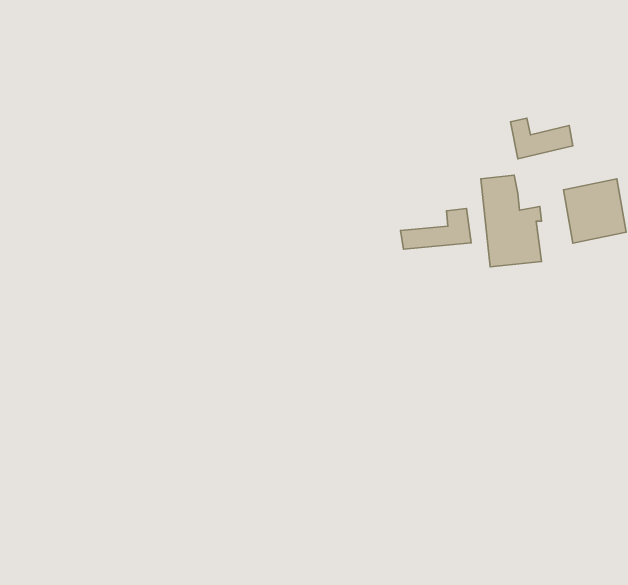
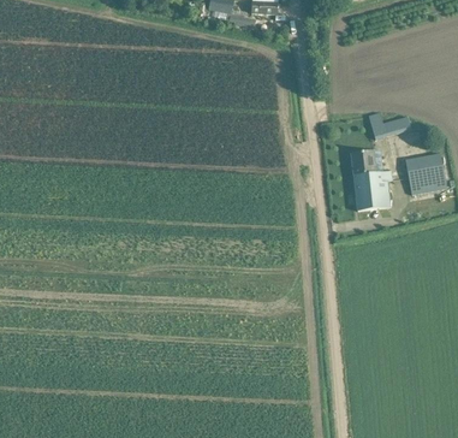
building: [400,209,471,249] -> none

